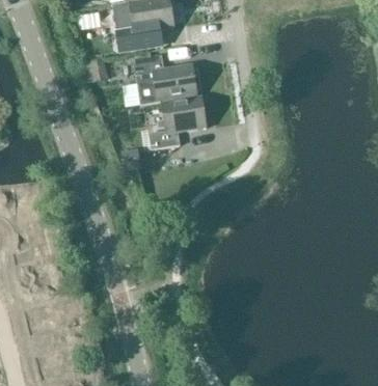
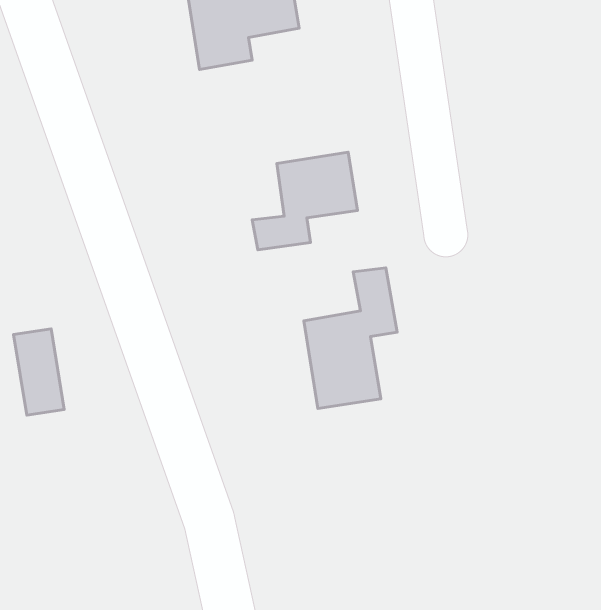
building: [133,55,198,103] -> none
building: none -> [304,268,397,409]

